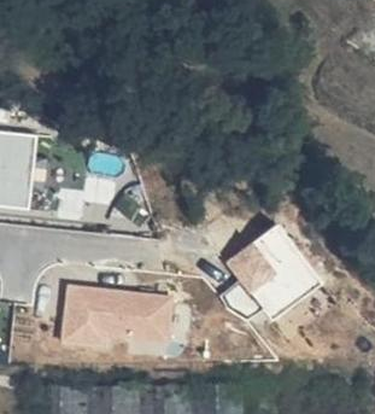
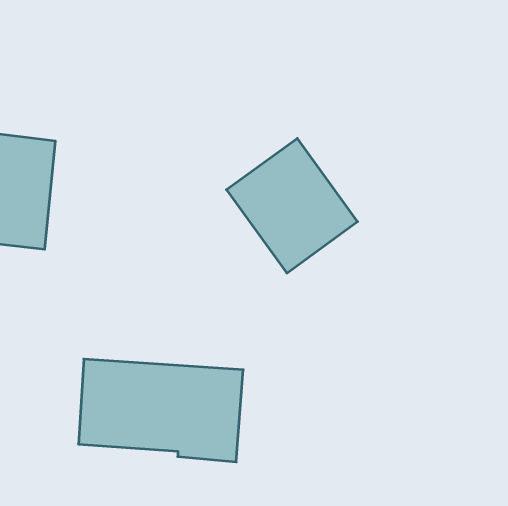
building: [228,225,317,316] -> [226,138,358,273]

